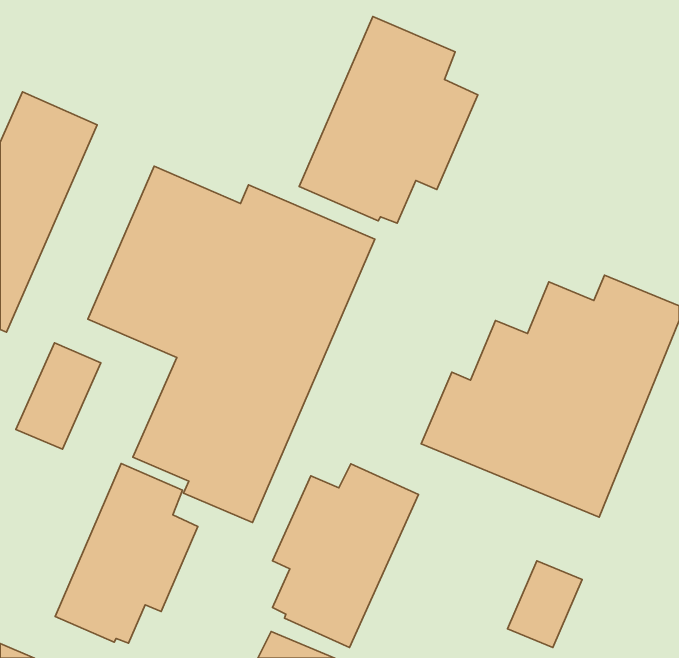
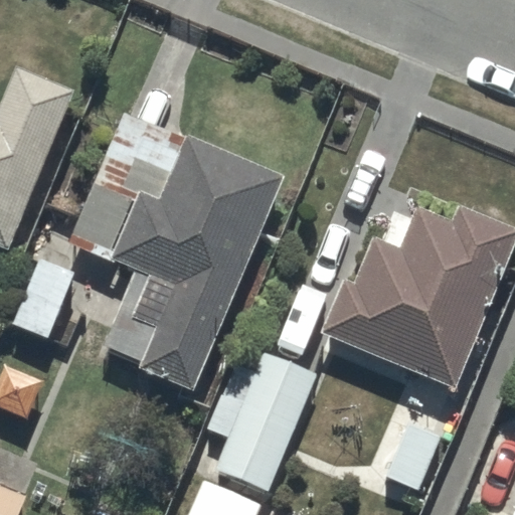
building: [299,16,478,223] -> none
building: [55,464,198,643] -> none

